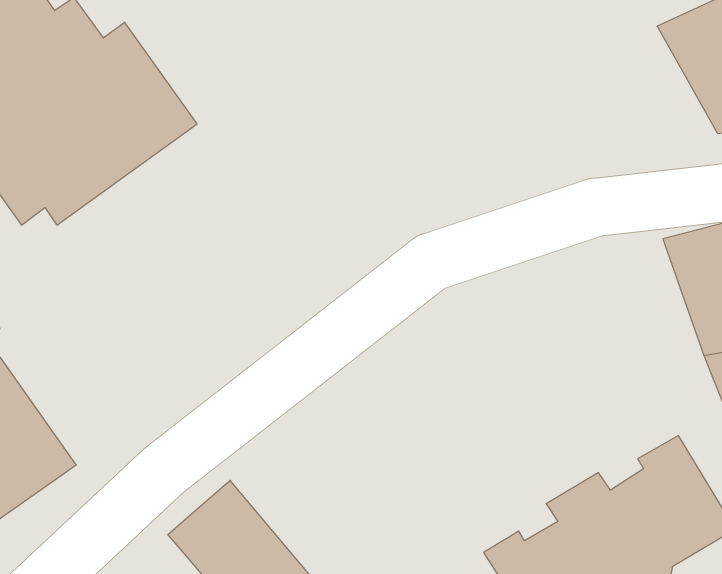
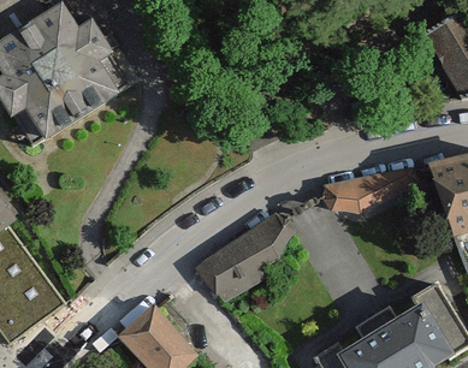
building: none -> [321,170,411,216]
building: none -> [194,214,297,296]

